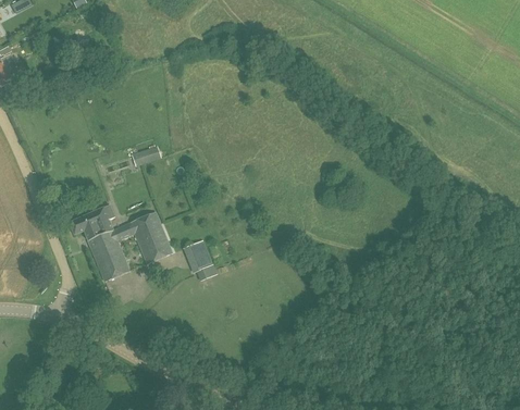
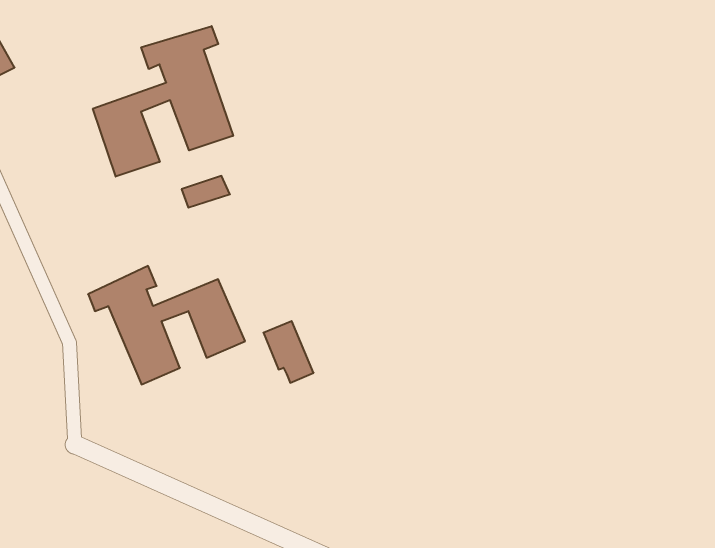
building: none -> [93,26,233,177]

